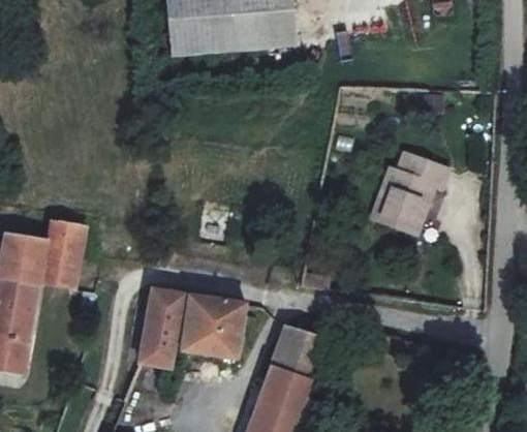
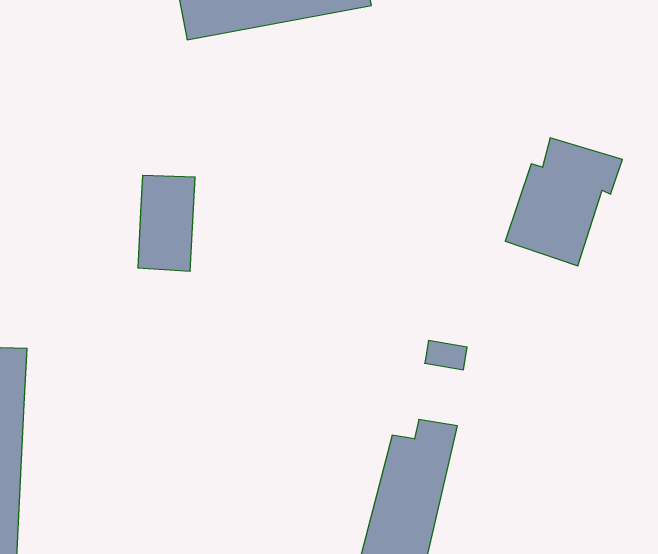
building: [41,221,86,287] -> [138,175,195,271]
building: [138,296,179,368] -> none
building: [178,301,241,356] -> none

